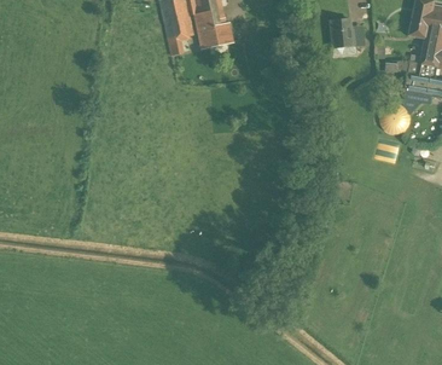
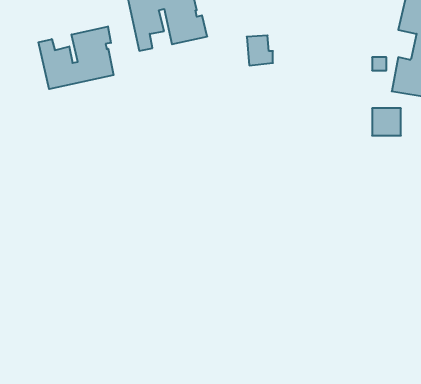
building: [331,19,355,47] -> [247,35,273,65]
building: none -> [38,26,114,89]

